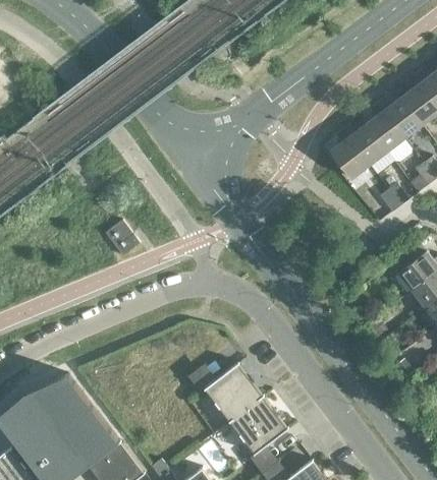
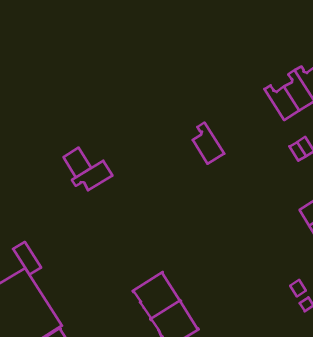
building: [330,129,370,179] -> [193,123,224,164]
building: none -> [72,161,112,190]
building: none -> [13,242,41,275]

